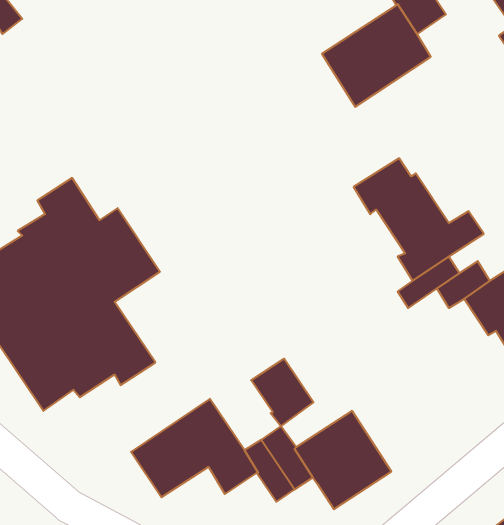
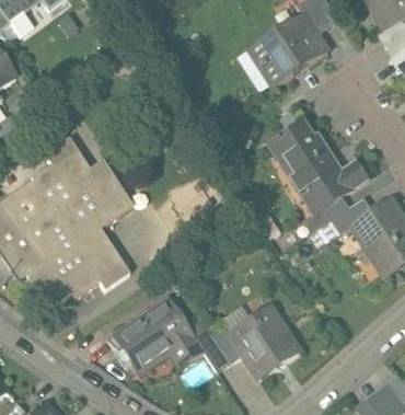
building: [251,359,313,426] -> none

